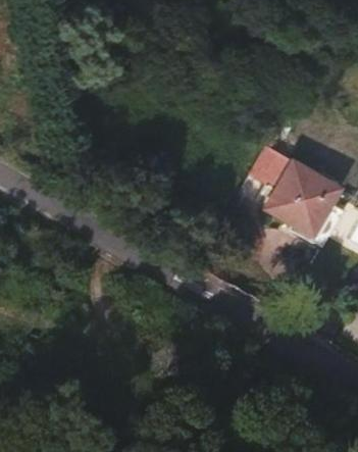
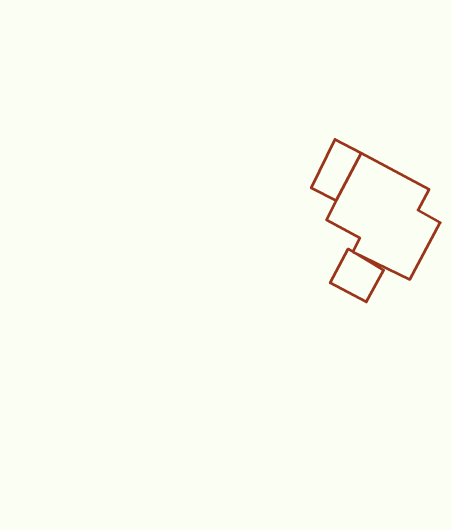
building: none -> [330,249,384,302]

